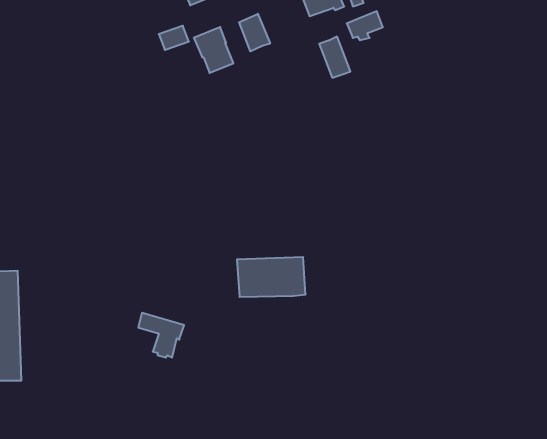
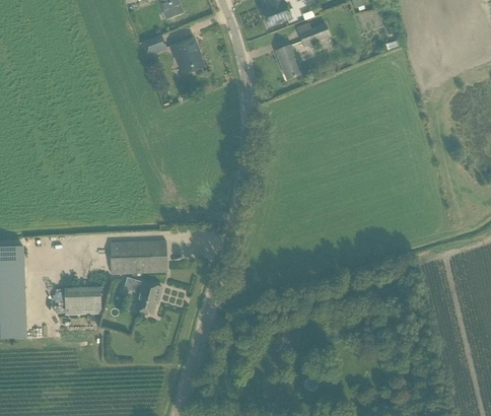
building: [239,14,270,51] -> none
building: [237,257,306,297] -> [110,240,167,274]
building: none -> [64,287,101,315]

